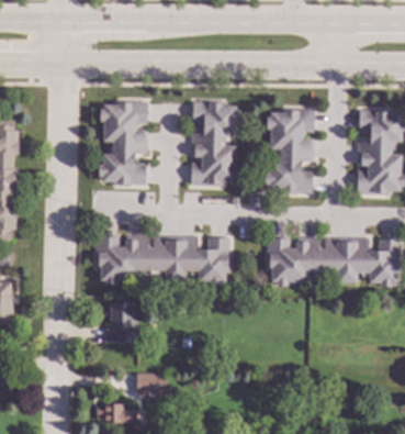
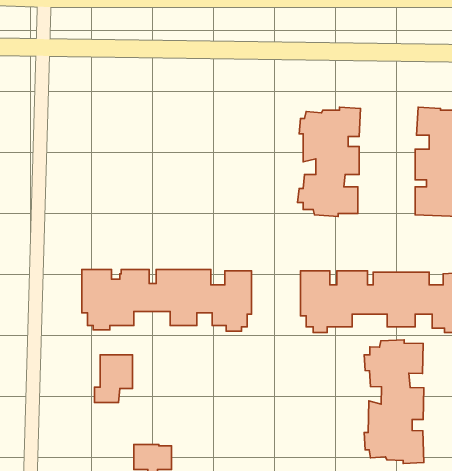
building: [99,101,148,186] -> none
building: [191,102,240,186] -> none
building: none -> [364,340,424,464]

